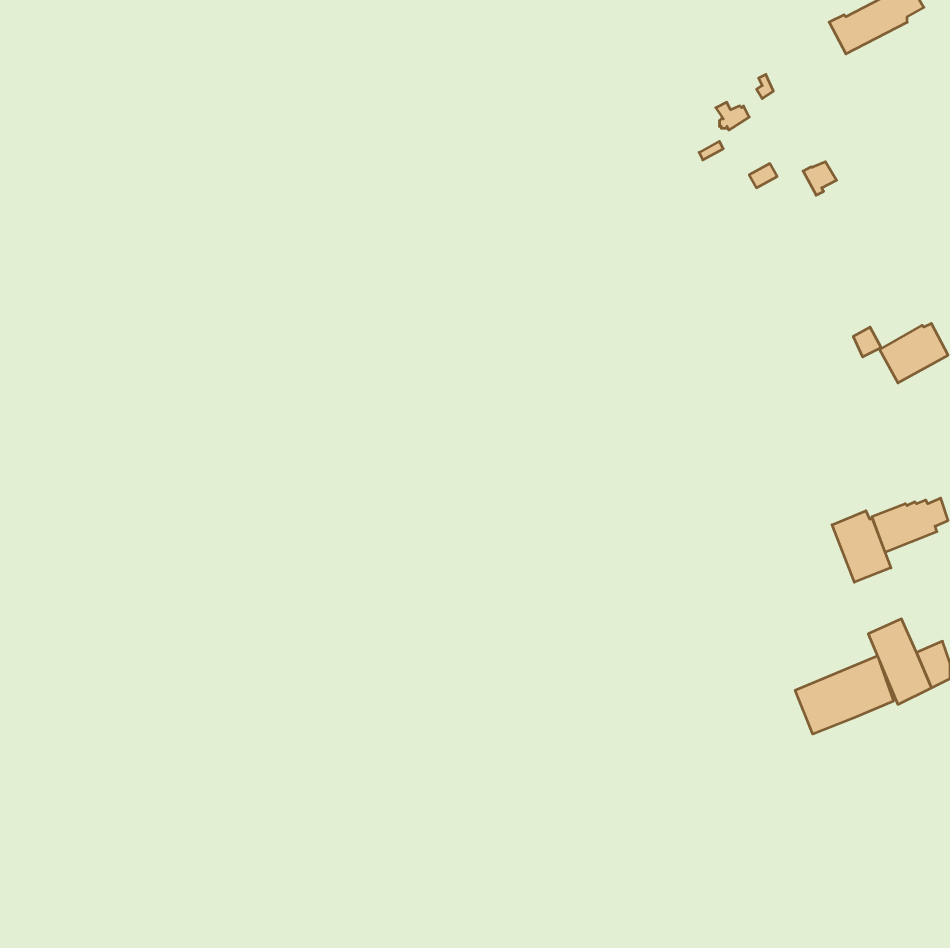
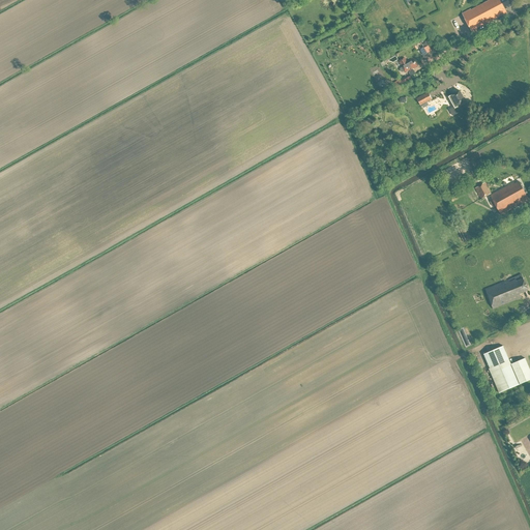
building: [832,511,891,582] -> none
building: [795,656,893,734] -> none

